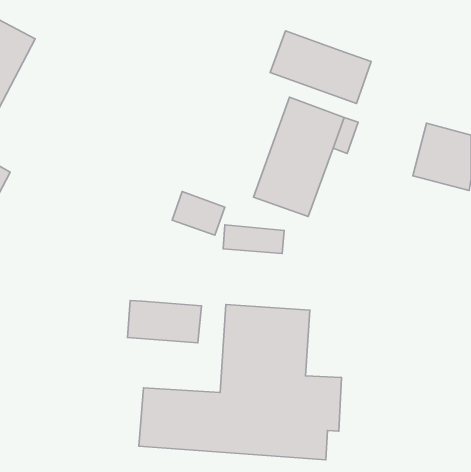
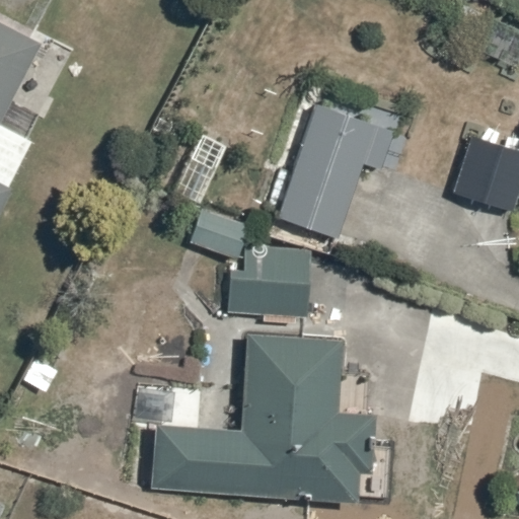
building: [270,31,371,104] -> none
building: [127,300,201,343] -> [228,272,309,318]

